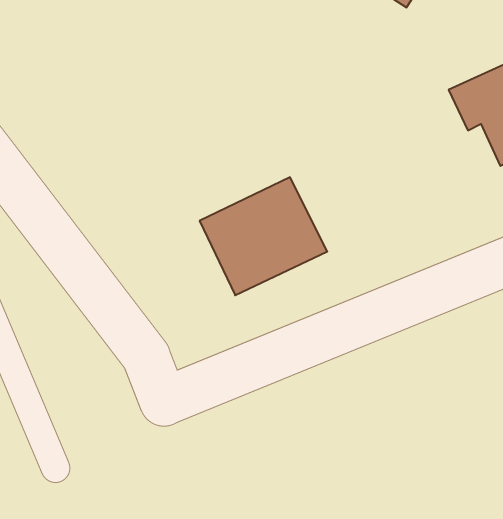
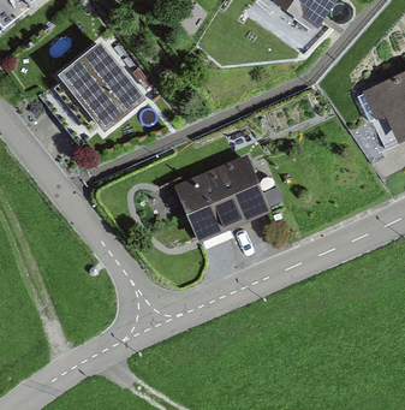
building: none -> [62,44,149,136]

